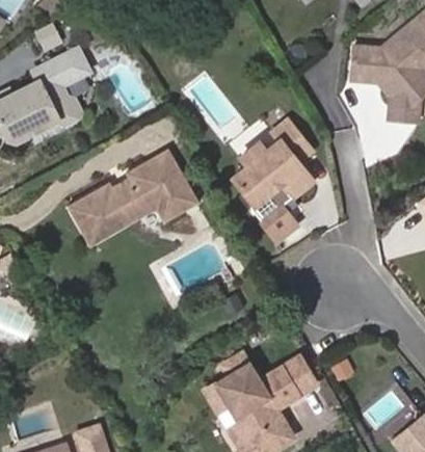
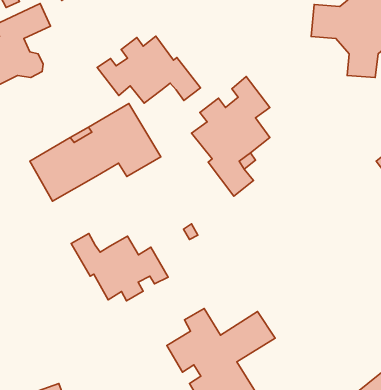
building: none -> [97,36,201,103]
building: none -> [71,234,168,301]

